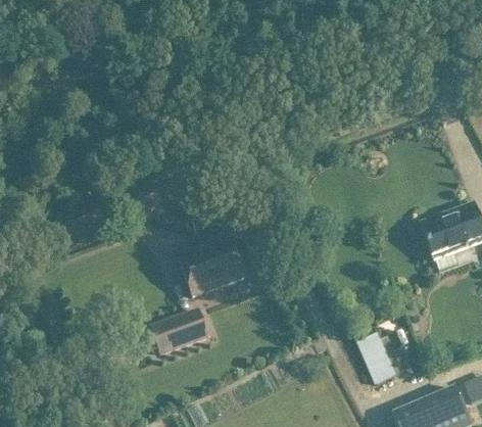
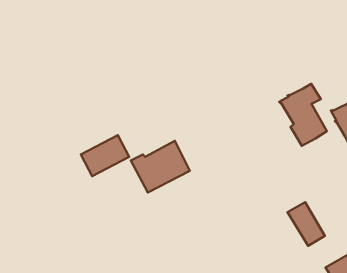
building: none -> [279,84,327,146]
building: [151,309,208,353] -> [81,135,129,176]

